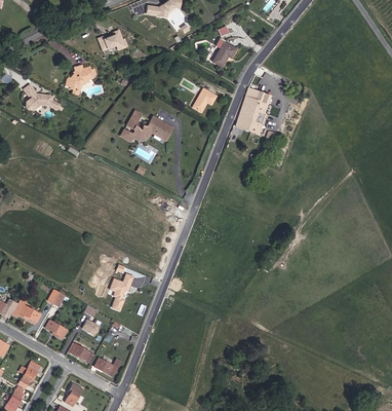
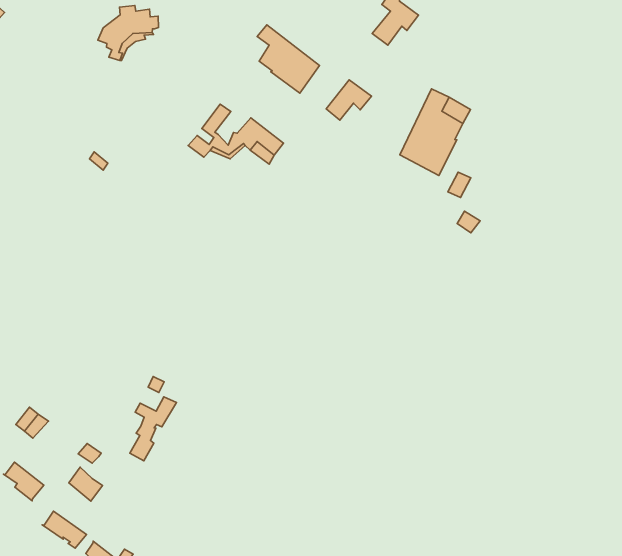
building: none -> [257,25,320,93]
building: [24,84,58,109] -> none

